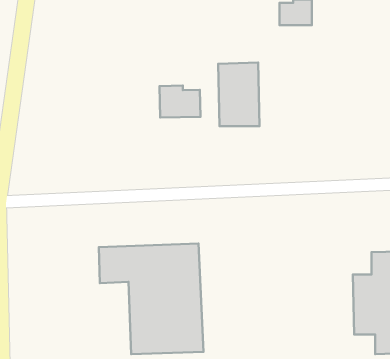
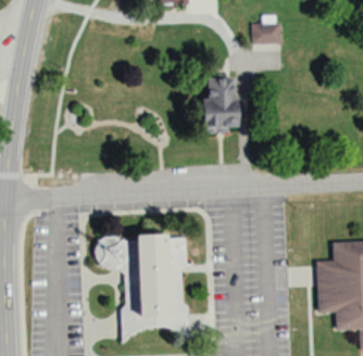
building: [160,86,200,117] -> none

